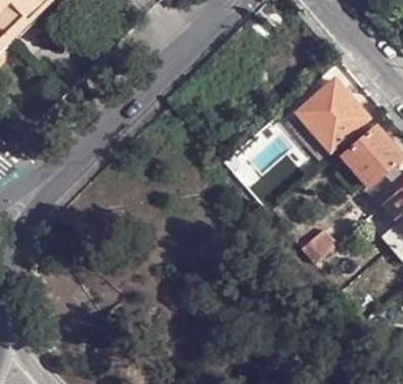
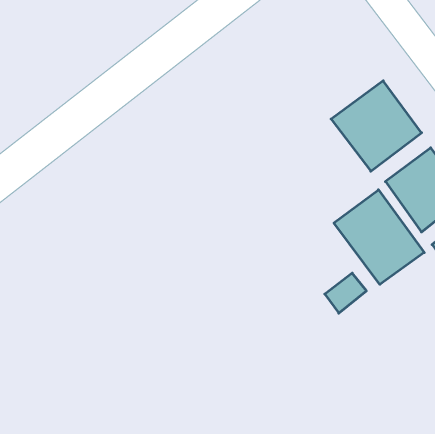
building: none -> [334,190,424,284]

